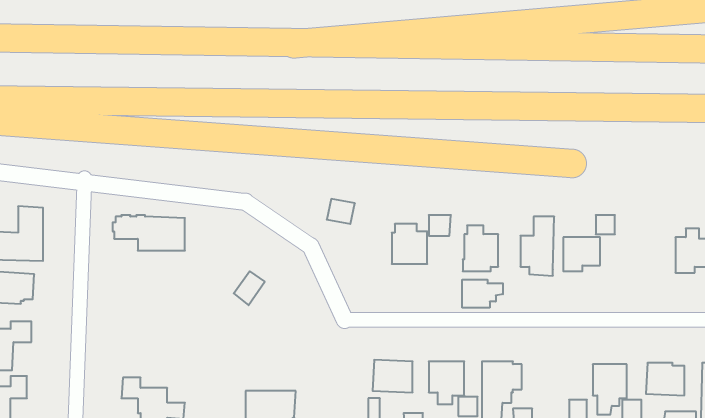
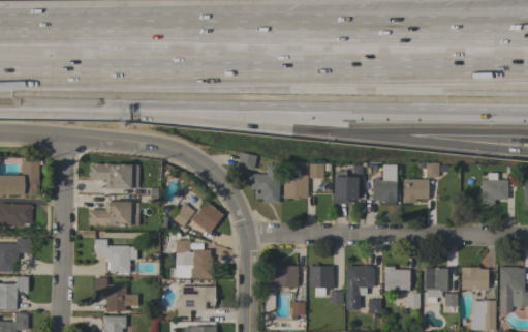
building: none -> [248,165,279,203]
building: none -> [190,201,223,234]
building: none -> [88,202,139,225]
building: [462,280,503,308] -> none
building: none -> [95,239,136,273]
building: none -> [176,240,212,278]
building: none -> [384,267,410,291]

